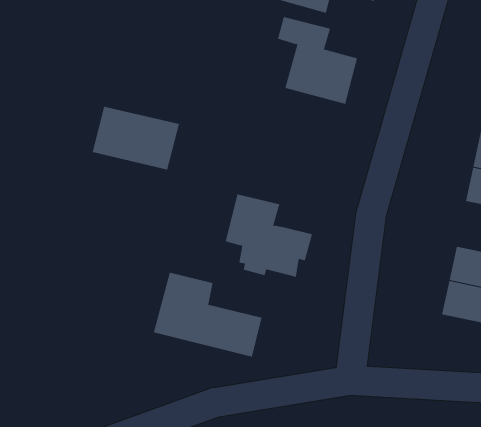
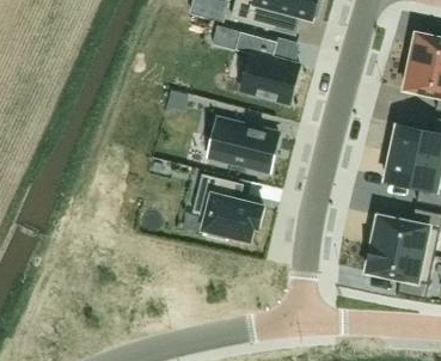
building: [92,106,180,170] -> [207,118,277,170]
building: [153,272,262,358] -> none

